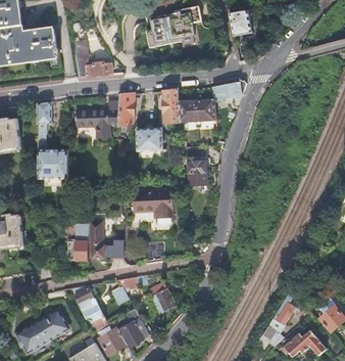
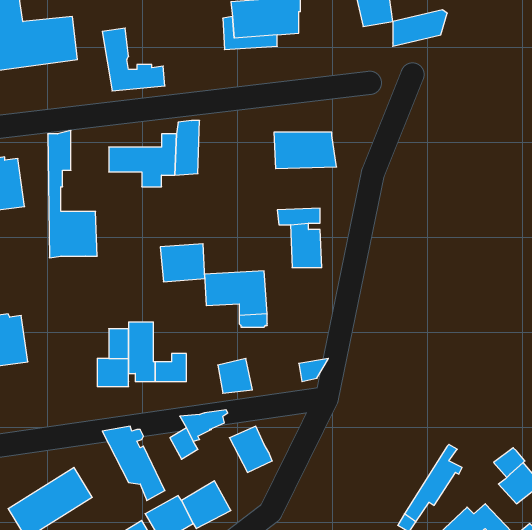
building: [213,81,247,103] -> [393,10,447,46]
building: [163,91,179,125] -> none
building: [135,130,162,153] -> [160,244,205,282]

